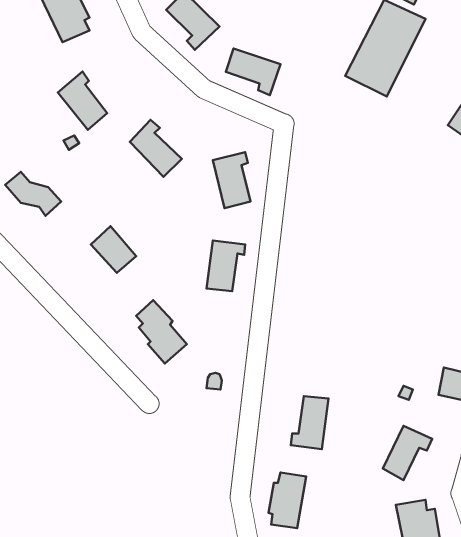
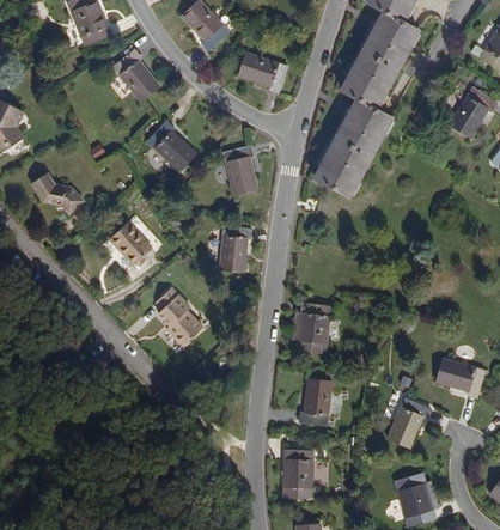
building: [58,72,107,130] -> [115,54,160,108]
building: none -> [316,95,398,195]
building: none -> [297,301,330,352]

